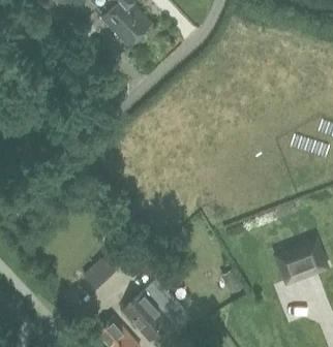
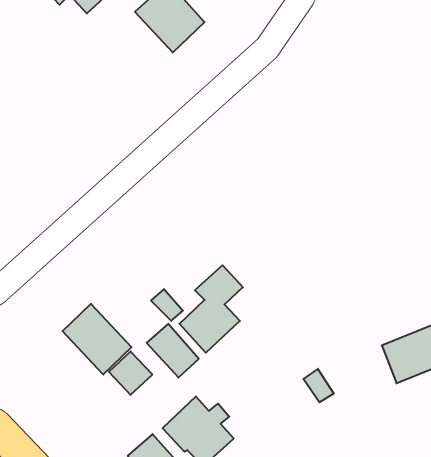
building: none -> [179,265,243,353]
building: none -> [63,304,132,375]

